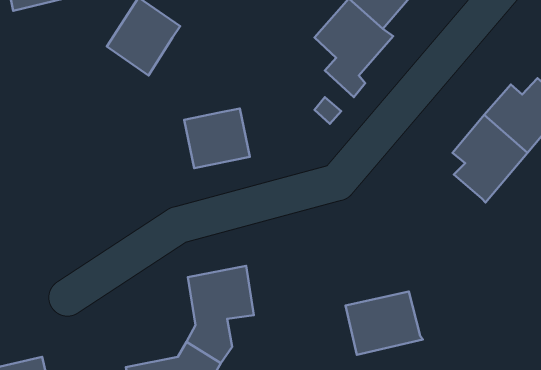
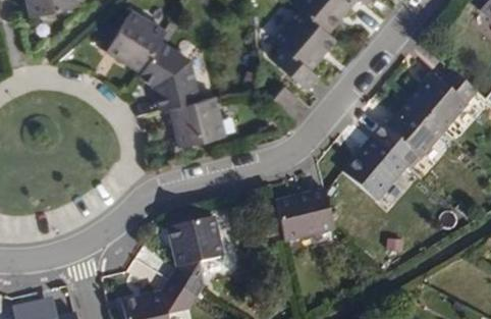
building: none -> [138,40,197,108]
building: none -> [342,140,407,205]
building: [346,291,423,355] -> [274,194,336,245]

